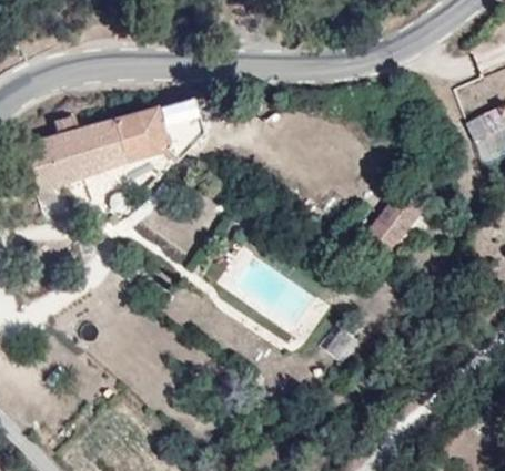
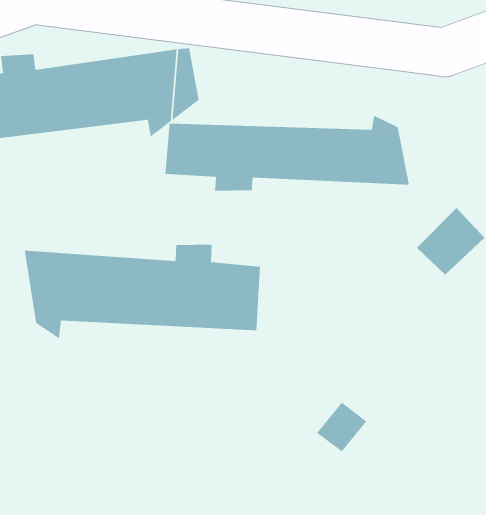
building: none -> [165,115,410,192]
building: none -> [24,244,260,339]

